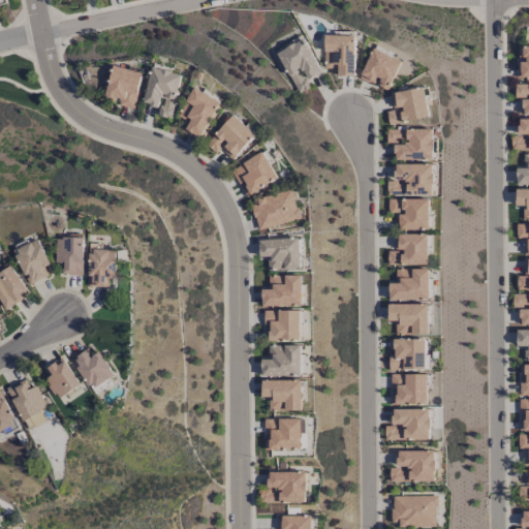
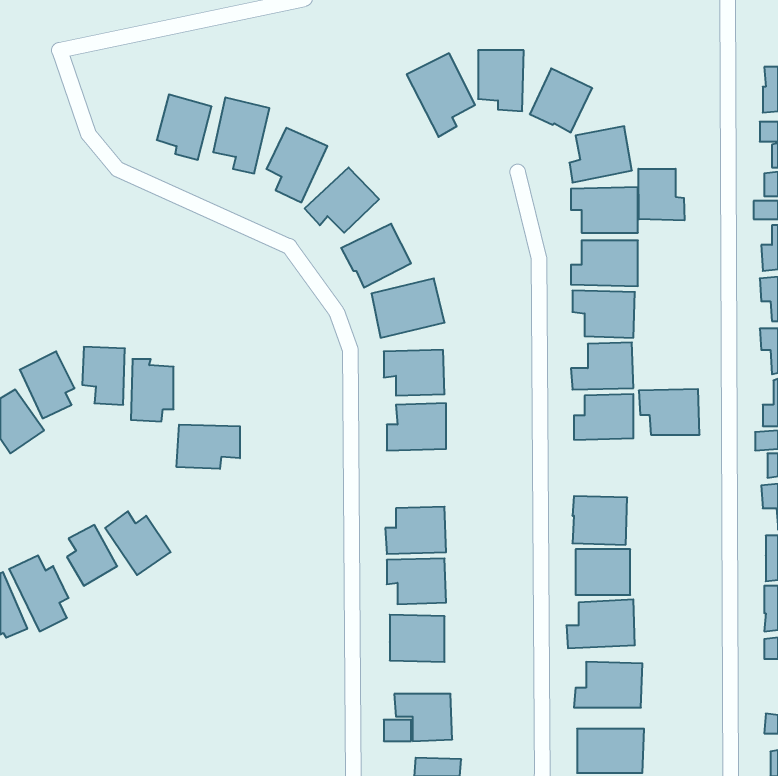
building: none -> [638,169,684,220]
building: none -> [177,425,240,469]
building: [387,303,429,334] -> [639,389,700,435]
building: [264,309,302,340] -> none

